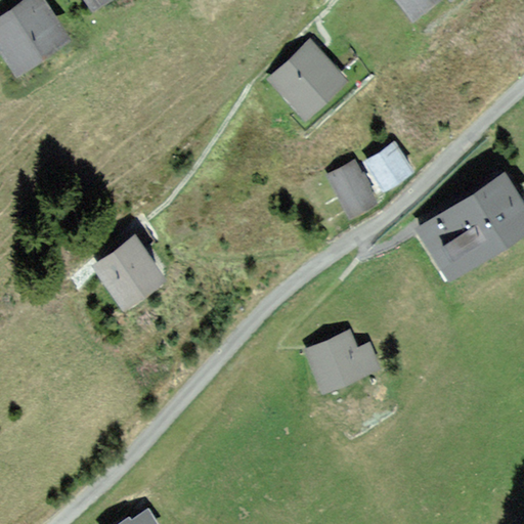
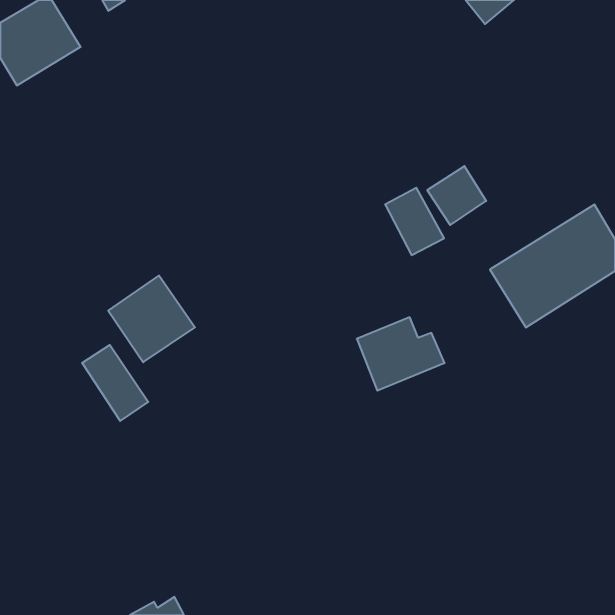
building: [268,39,349,119] -> none
building: none -> [82,345,148,421]
building: [307,331,382,393] -> [357,317,445,391]

